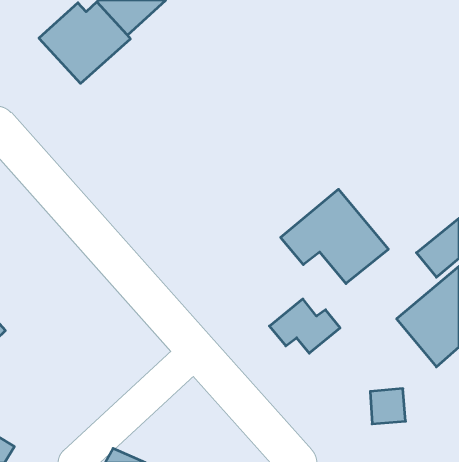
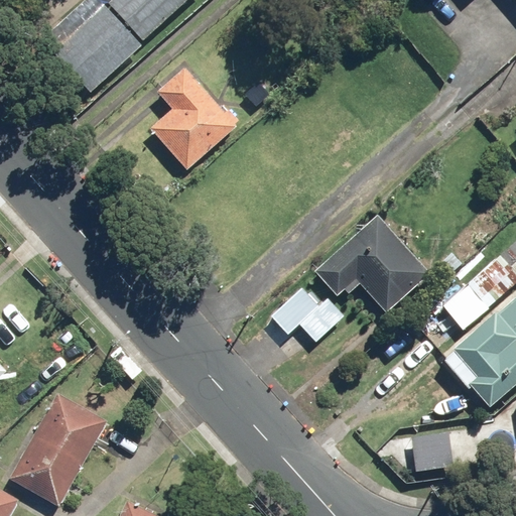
building: none -> [150,69,240,168]
building: [269,299,340,353] -> [265,286,344,347]
building: none -> [9,393,107,507]

